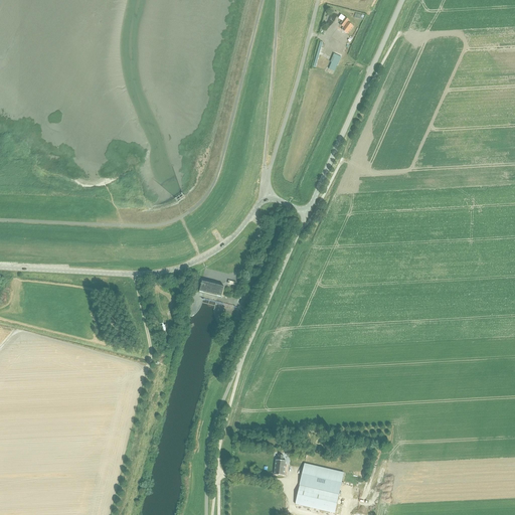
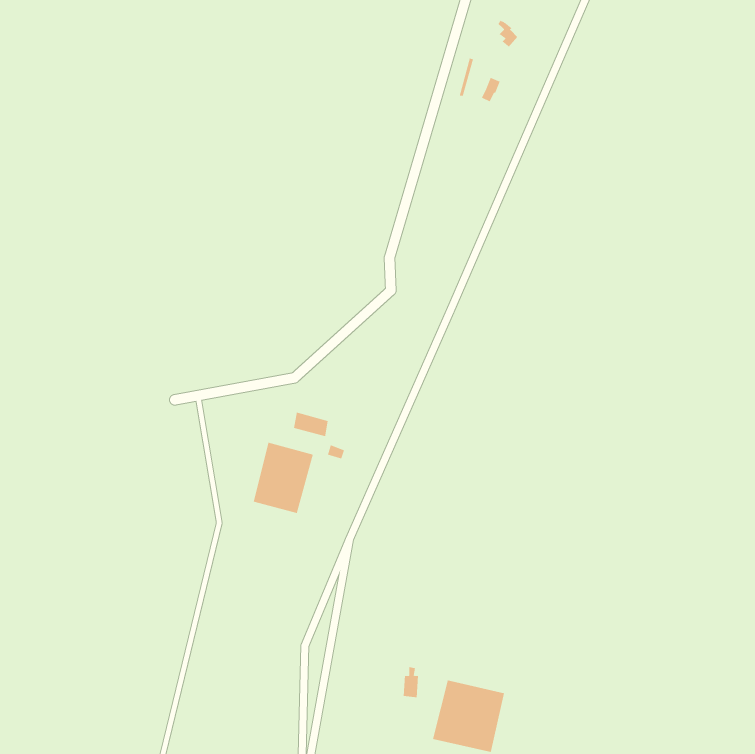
building: none -> [253,442,314,514]

